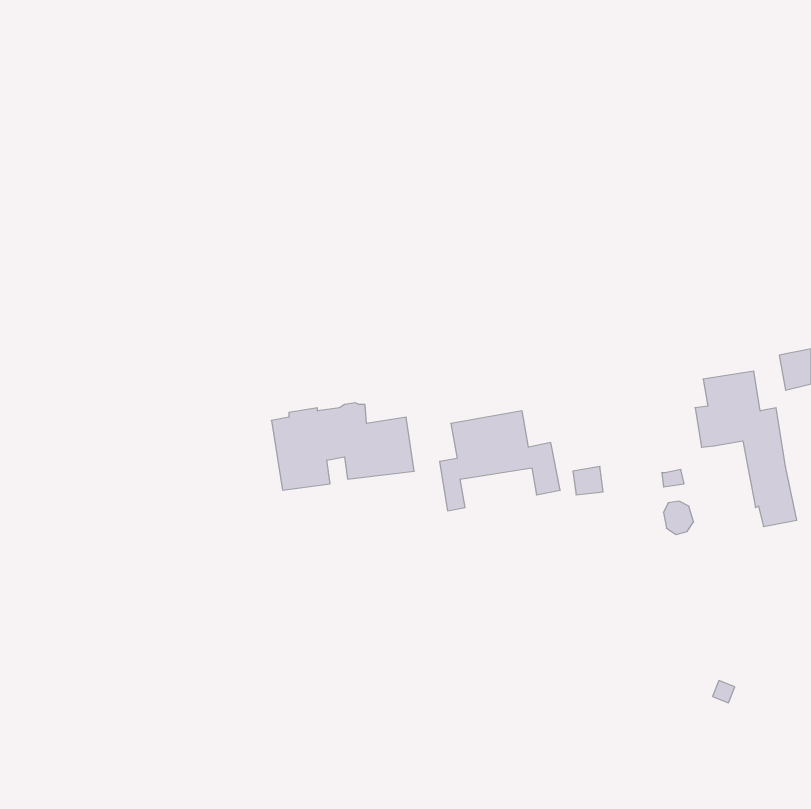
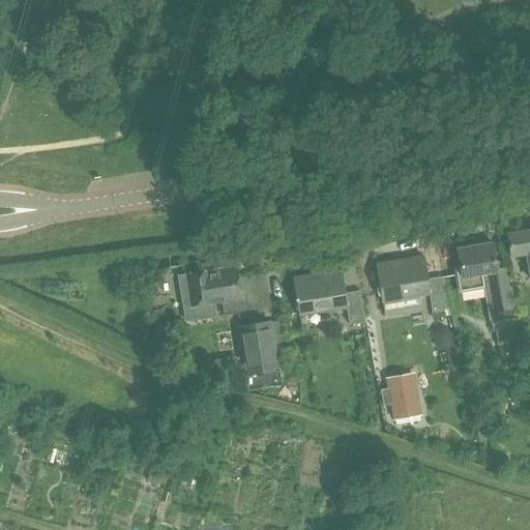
building: none -> [377,255,431,299]
building: none -> [238,320,289,377]
building: none -> [380,373,420,418]

